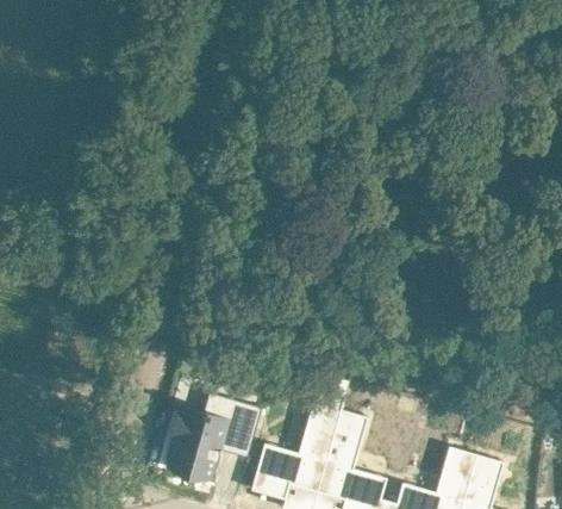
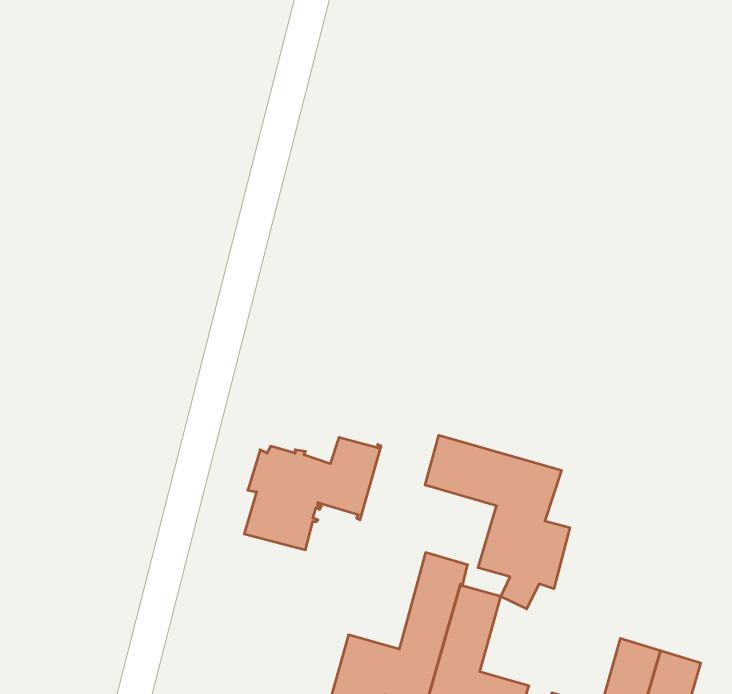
building: none -> [425,435,570,609]
building: [167,403,260,479] -> [244,437,381,550]

